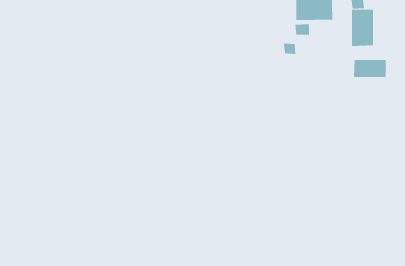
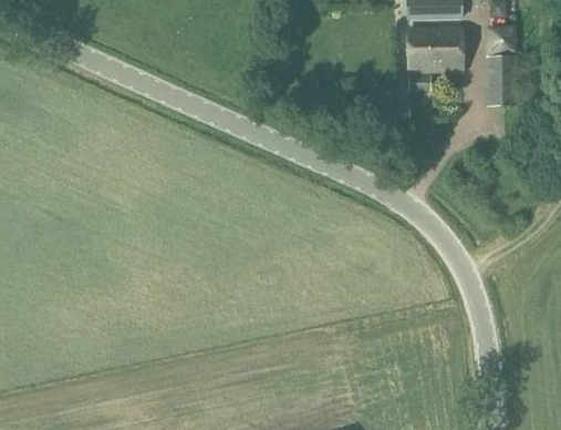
building: [353,59,386,78] -> none

